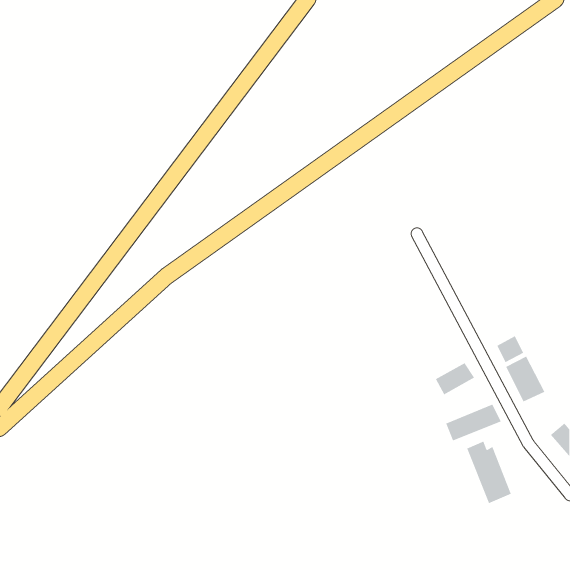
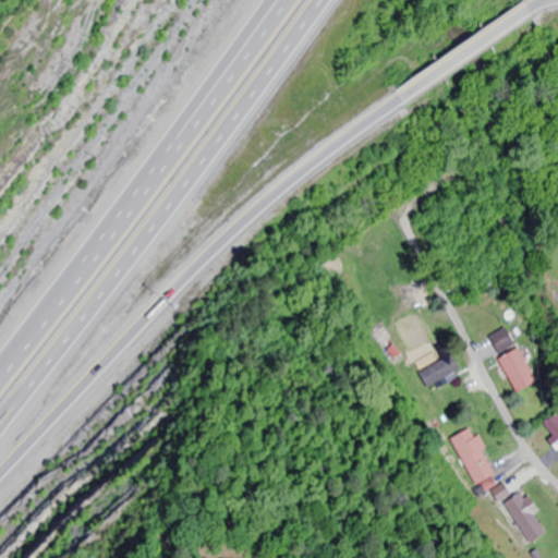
building: [445,404,502,442] -> none
building: none -> [506,493,550,548]

